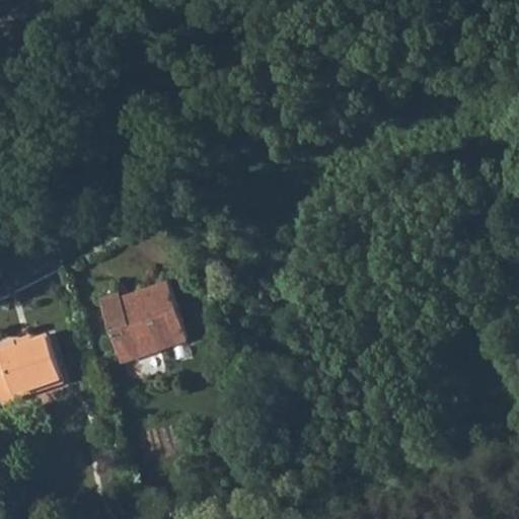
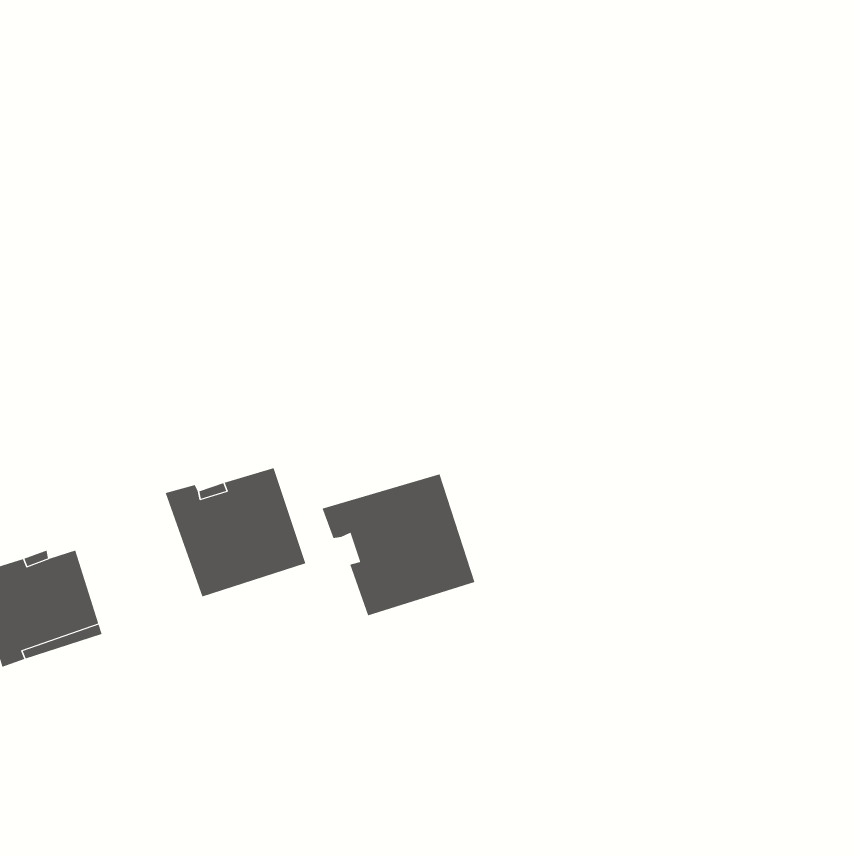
building: none -> [322,474,475,616]

